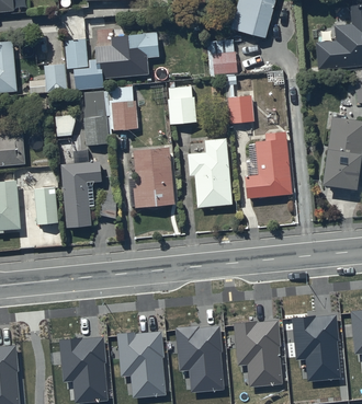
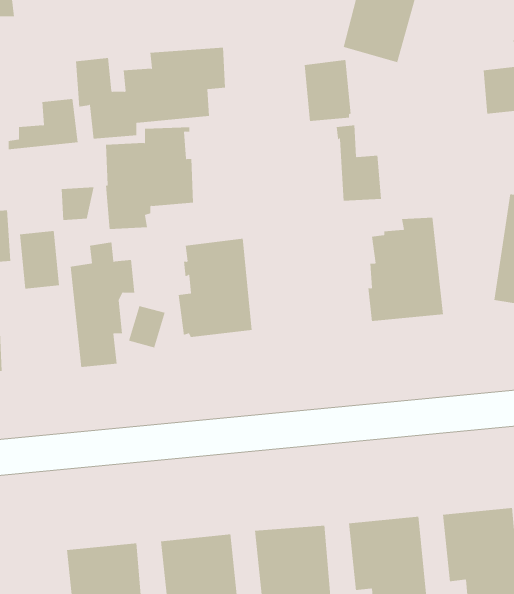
building: [167,80,194,122] -> none
building: [186,139,231,208] -> none
building: [32,187,57,223] -> [19,231,60,289]

